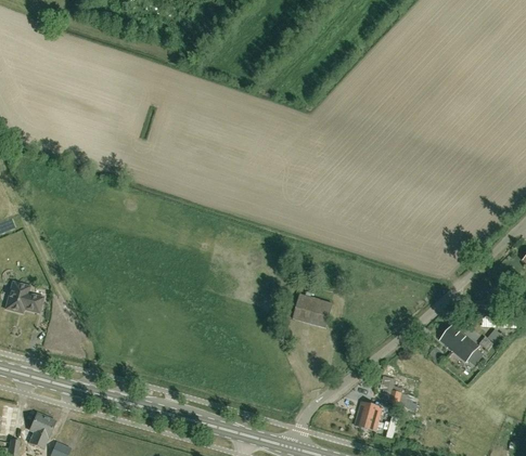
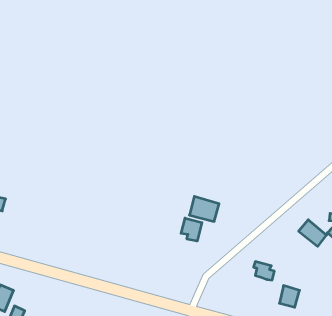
building: none -> [181,218,202,241]
building: [355,401,382,430] -> [279,286,300,307]

